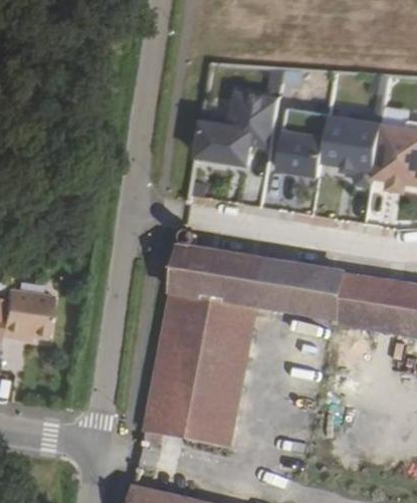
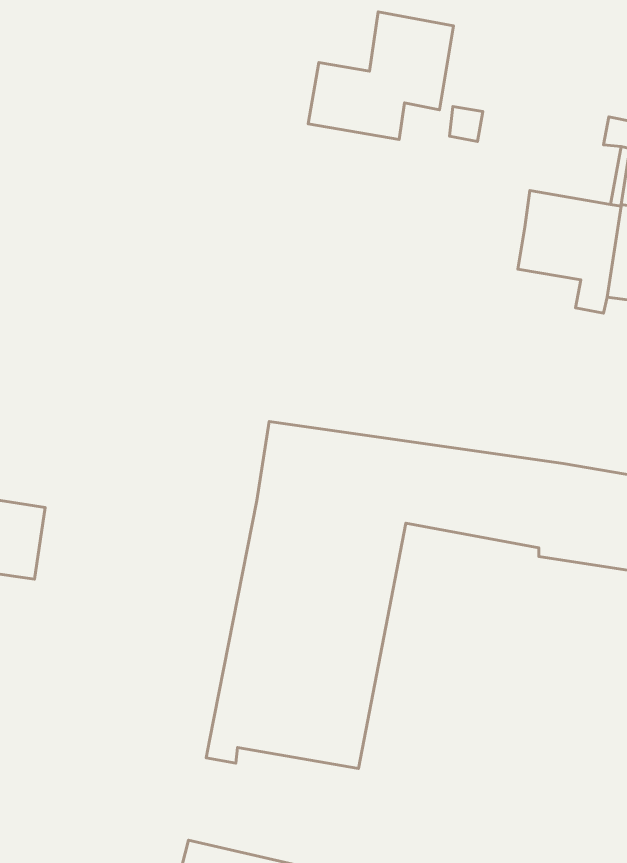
building: [194,89,277,163] -> [308,12,454,140]
building: [275,129,325,175] -> none

